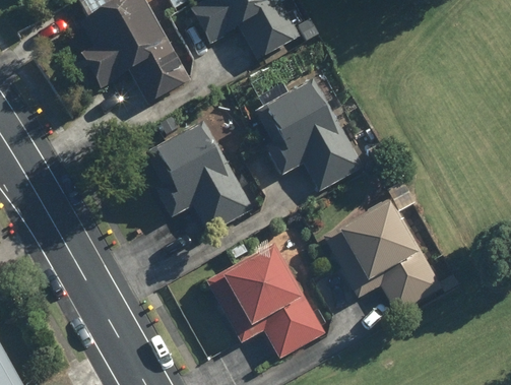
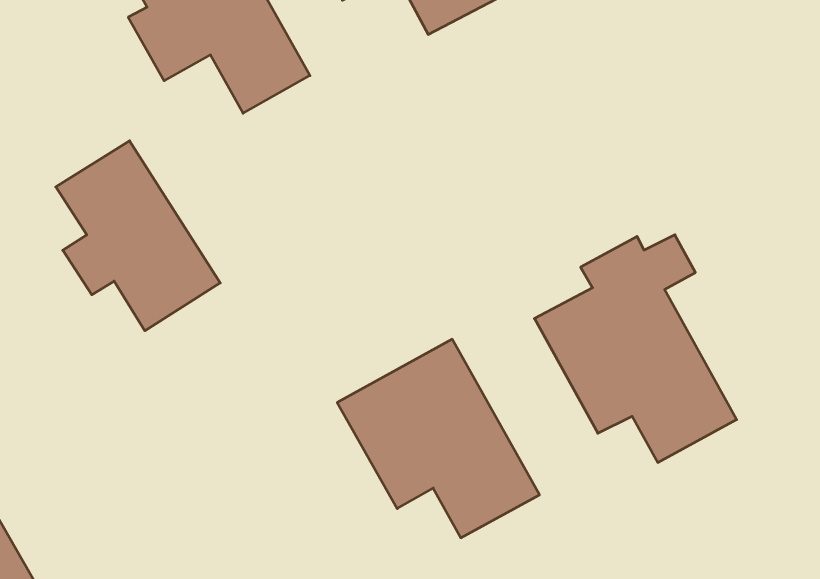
building: [261,77,363,190] -> none
building: [155,119,253,232] -> [56,141,220,331]

